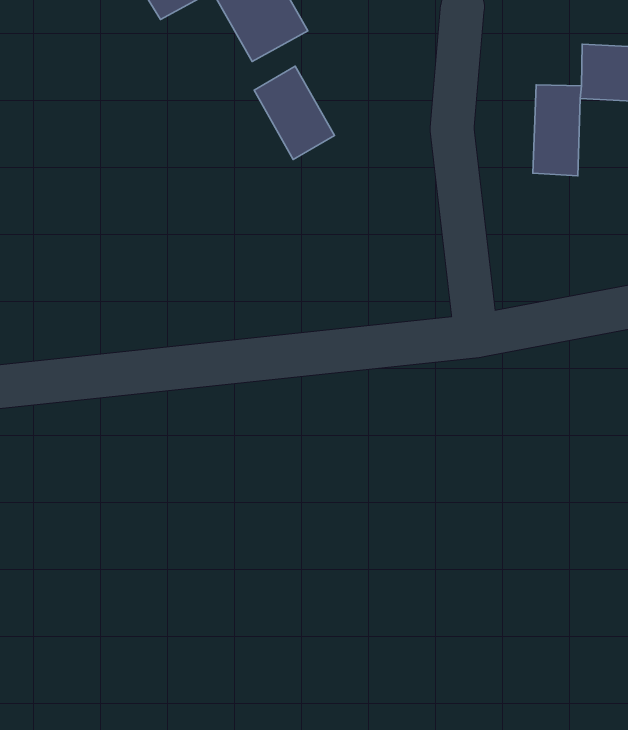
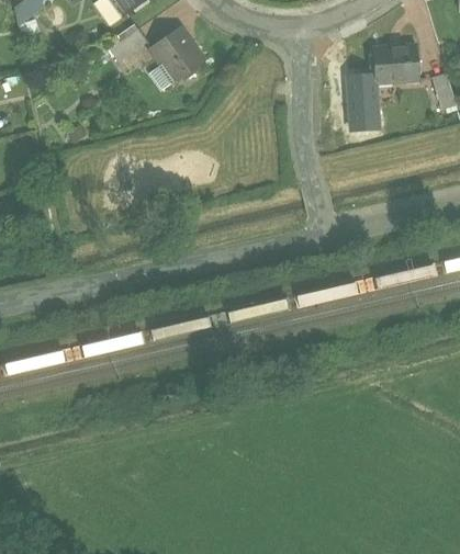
building: [254,66,335,160] -> none

